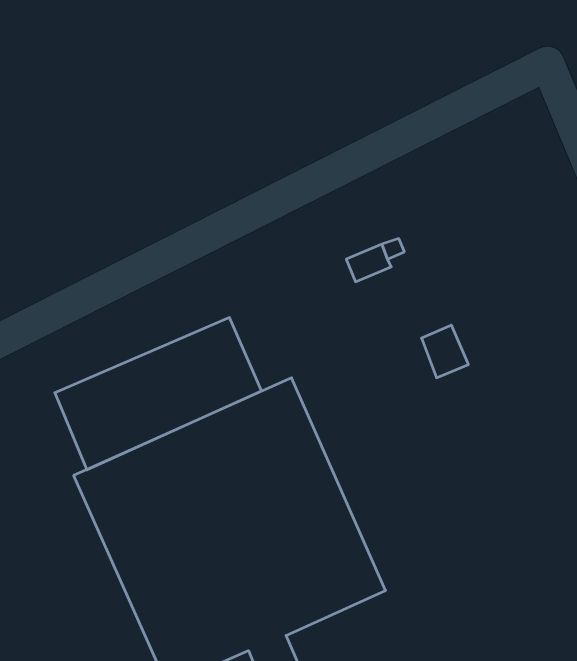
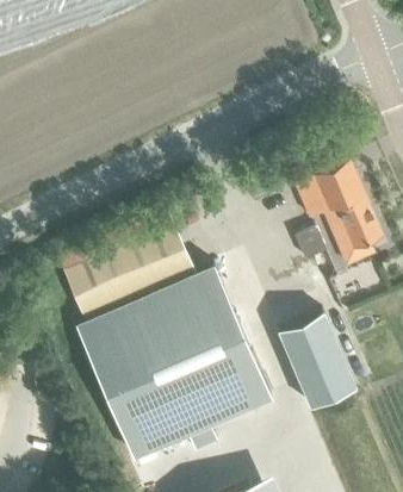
building: none -> [296,163,384,270]
building: none -> [279,316,361,415]

